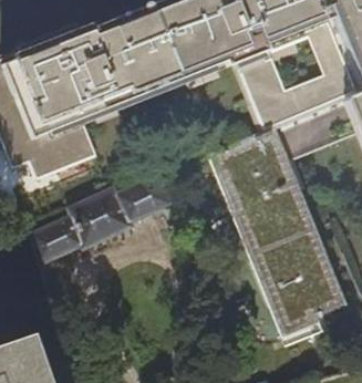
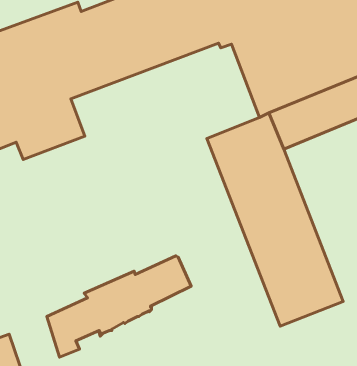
building: [31,174,168,270] -> [47,256,191,357]

